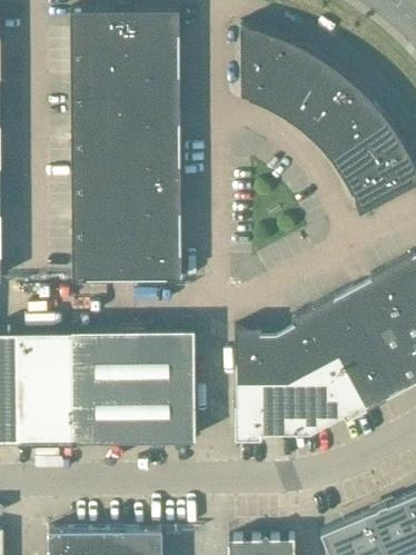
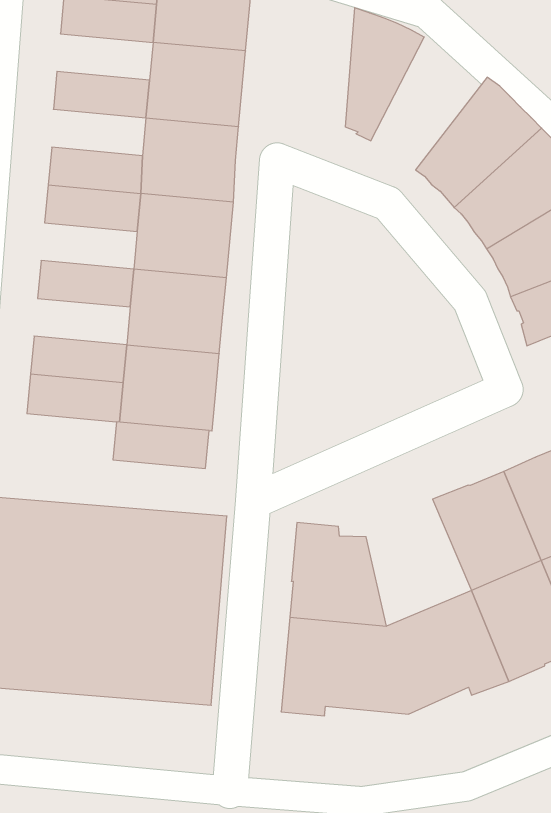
building: [257,40,321,118] -> none
building: [70,58,125,80] -> none
building: [70,102,125,125] -> none
building: [71,169,126,191] -> none
building: [71,214,126,236] -> [113,422,209,468]
building: [276,309,340,386] -> none

